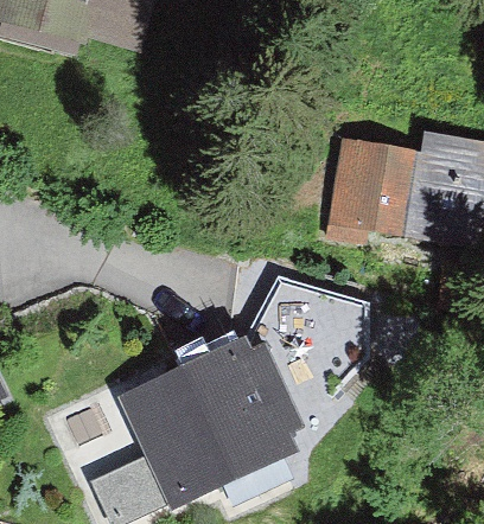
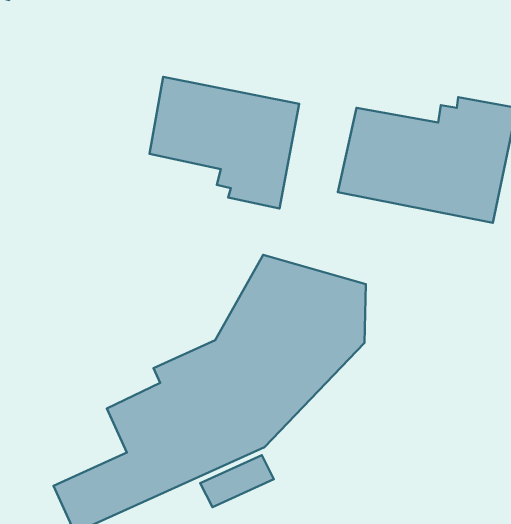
building: none -> [150,77,299,209]

